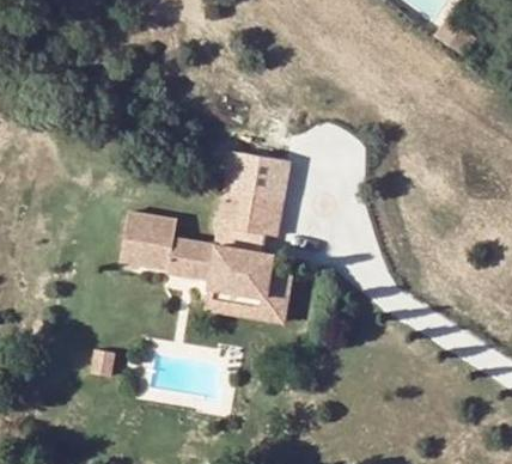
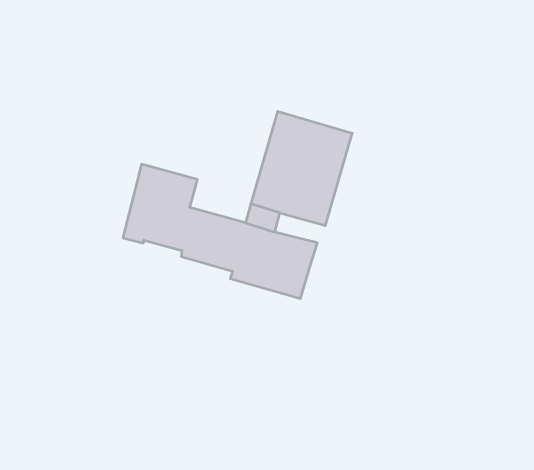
building: [205,270,292,324] -> none

